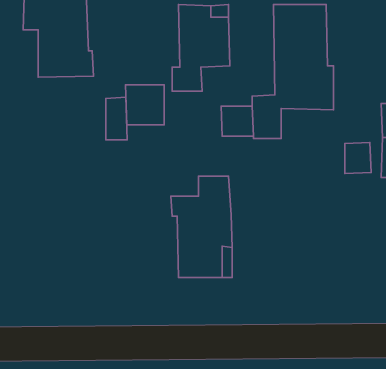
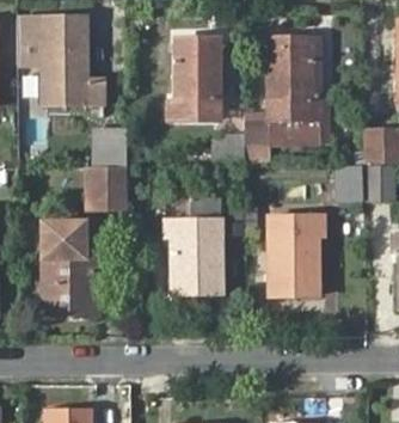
building: [126,85,164,125] -> [88,167,125,206]
building: none -> [268,219,323,298]
building: none -> [38,223,93,314]

